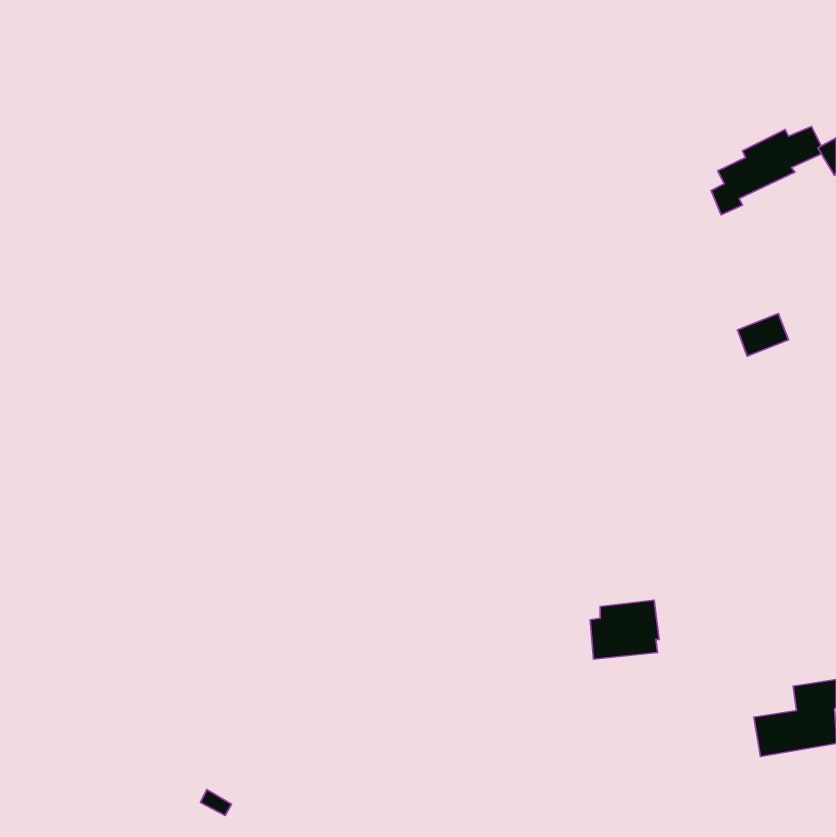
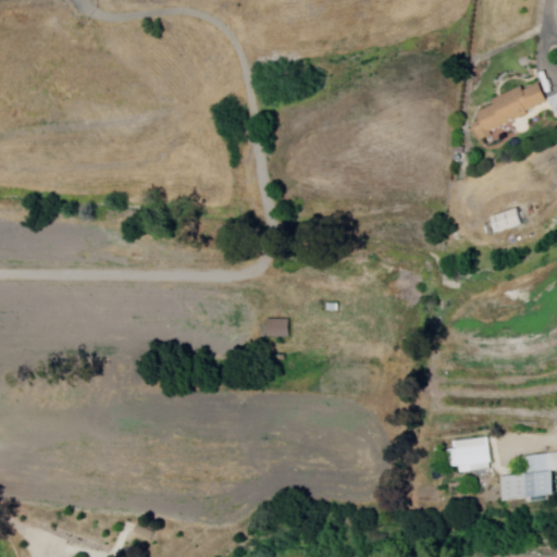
building: none -> [265,318,289,338]
building: [590,600,659,659] -> [446,435,492,474]

